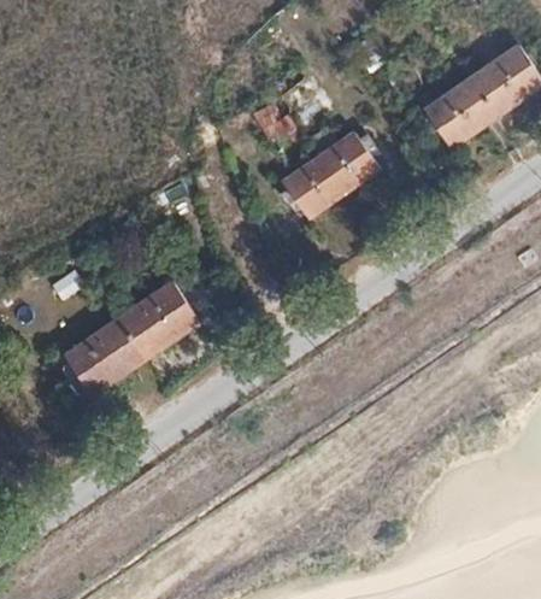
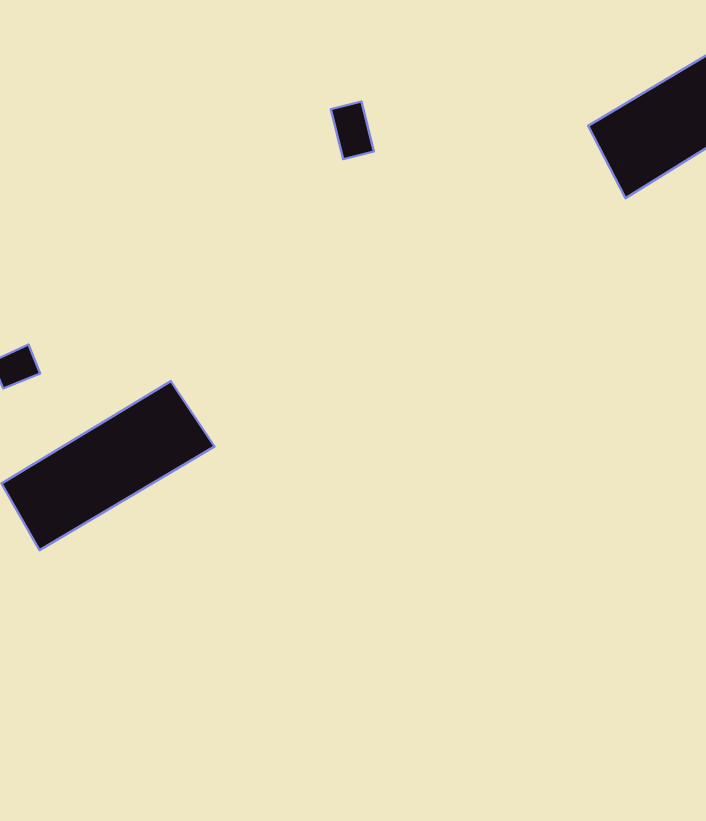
building: [284,135,378,218] -> none

